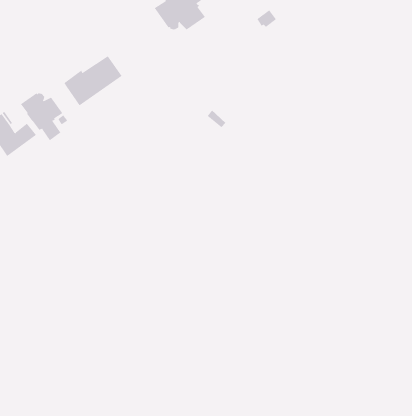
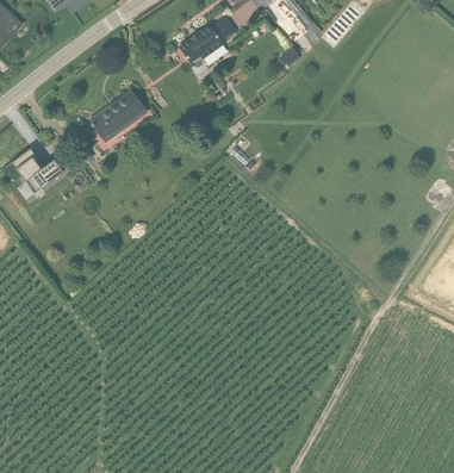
building: [20,92,63,141] -> none

